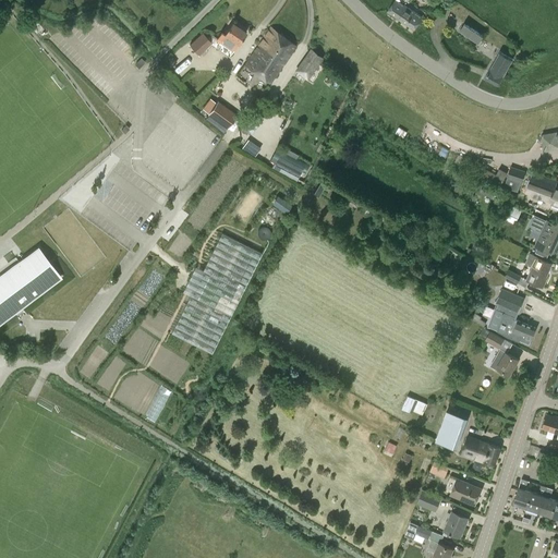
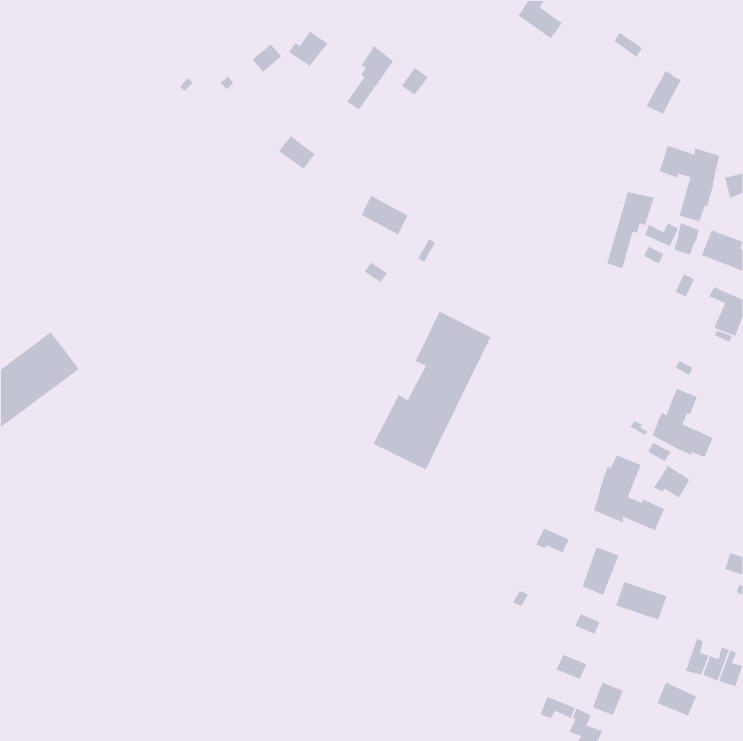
building: [245,28,280,77] -> none
building: none -> [659,145,720,222]
building: none -> [606,191,655,269]
building: [171,234,260,354] -> [372,311,492,470]
building: [525,256,551,288] -> none
building: none -> [593,455,665,531]
building: [451,480,482,506] -> [657,682,697,717]

